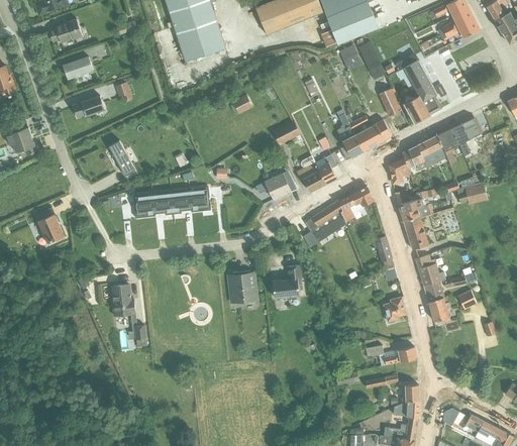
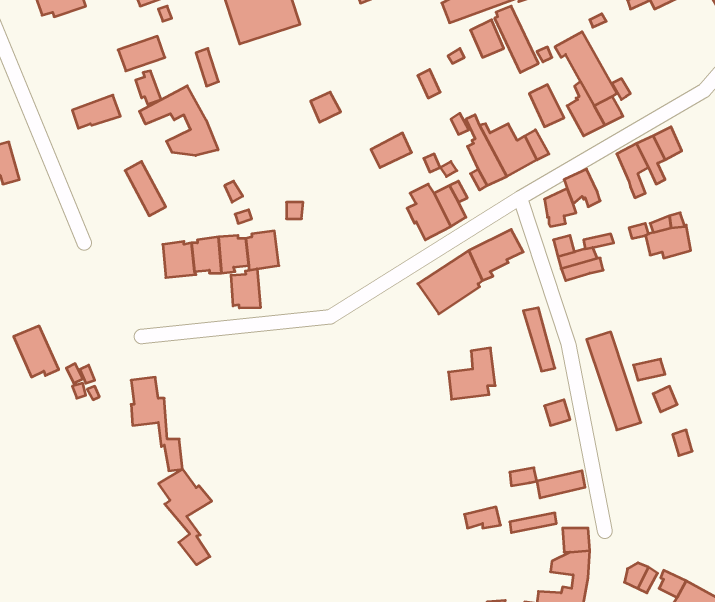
building: [63,58,94,81] -> [118,36,165,71]
building: none -> [139,86,218,156]
building: [417,135,446,168] -> none
building: [266,171,297,199] -> none
building: [34,208,65,242] -> [14,326,59,377]
building: none -> [231,269,260,308]
building: [403,215,428,249] -> none
building: [272,264,303,299] -> [448,348,495,399]
building: [228,270,258,304] -> none
building: none -> [159,469,212,565]

